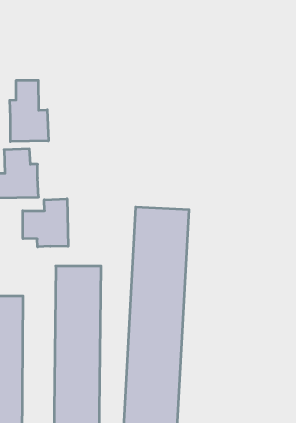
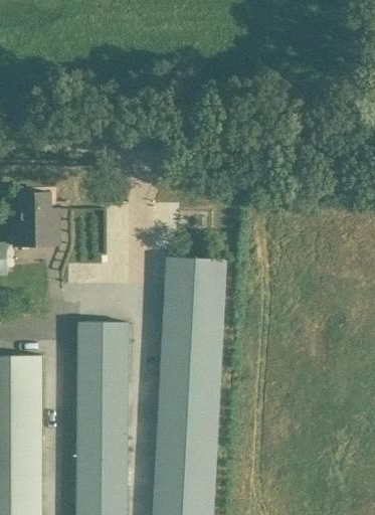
building: [10,80,48,142] -> none
building: [23,199,68,247] -> none

